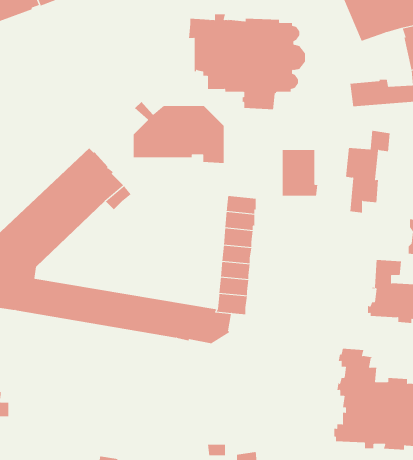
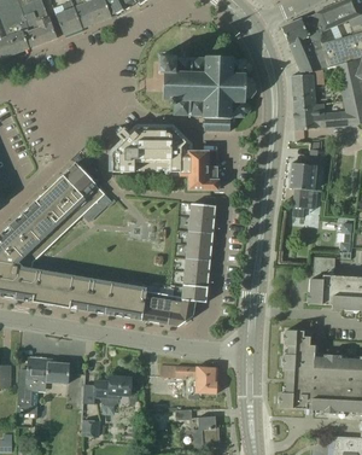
building: none -> [290,74,323,110]
building: [282,149,318,196] -> [188,151,218,189]
building: none -> [17,357,69,414]
building: none -> [159,364,218,393]
building: none -> [94,375,132,406]

